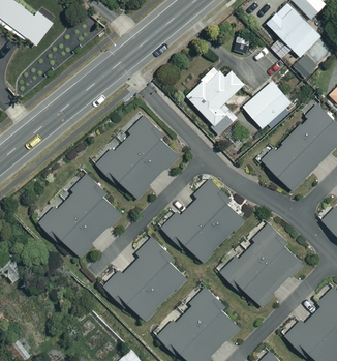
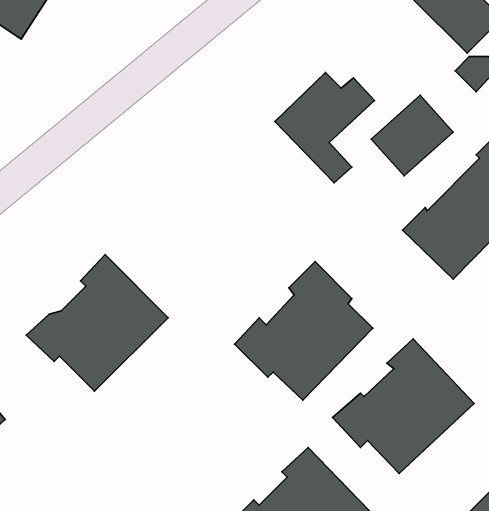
building: [95,117,179,198] -> none
building: [104,240,186,320] -> none

